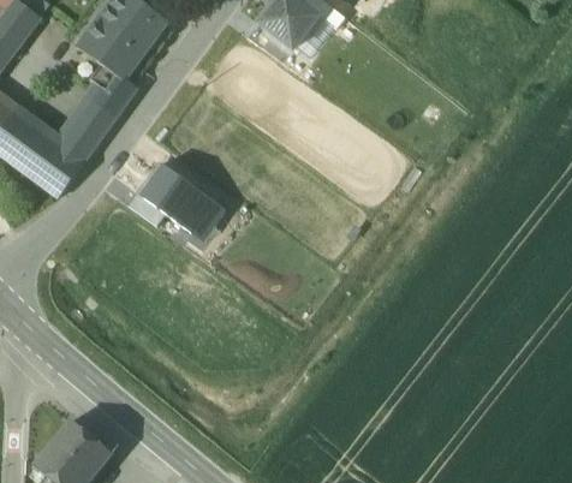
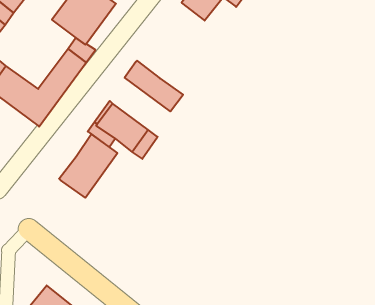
building: none -> [125,61,183,111]
building: none -> [59,134,117,198]

